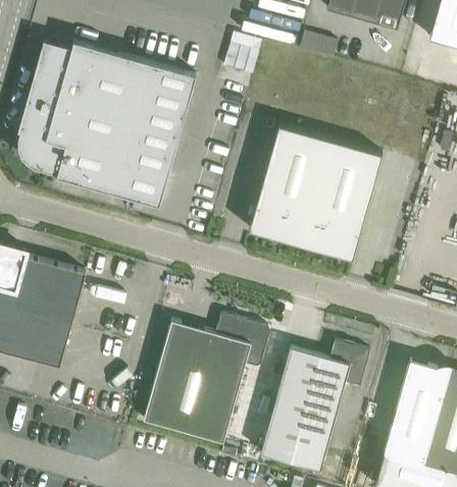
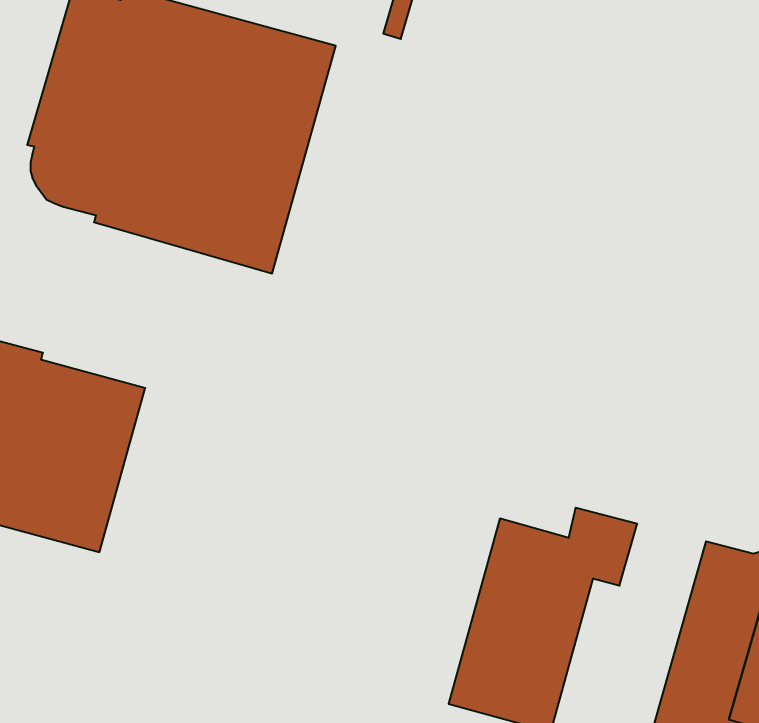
building: [249,125,383,260] -> none
building: [143,316,269,444] -> none

